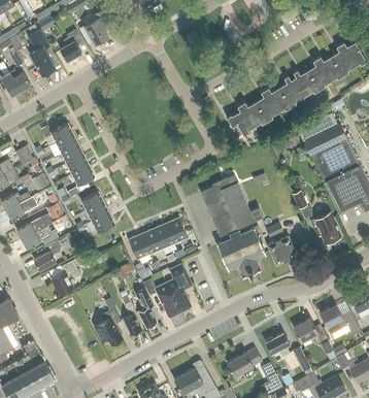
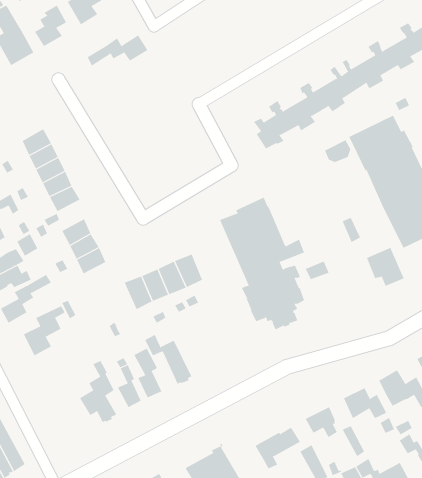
building: none -> [87,35,148,67]
building: [267,236,297,265] -> none
building: [166,264,192,310] -> none

